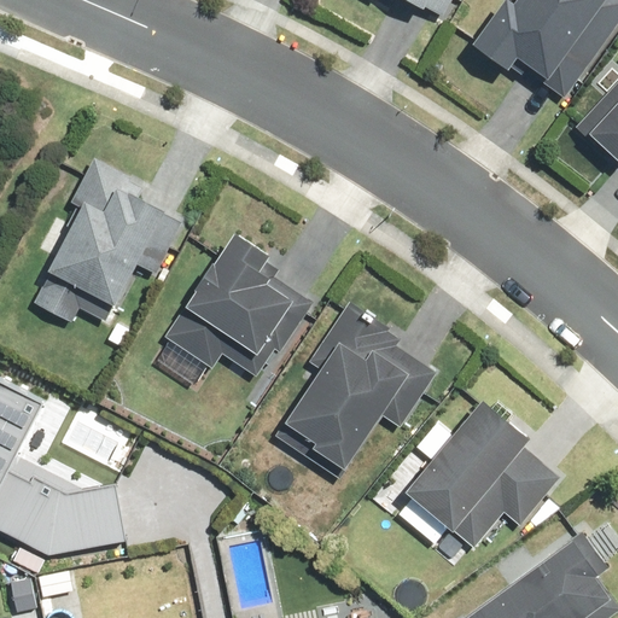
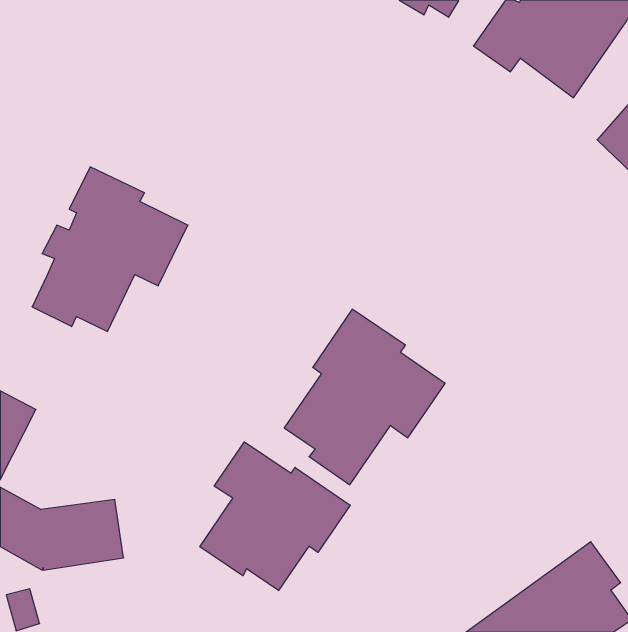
building: [158,234,314,390] -> none
building: [406,401,561,549] -> none
building: none -> [200,442,350,591]

